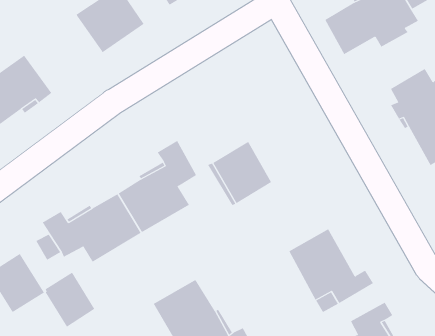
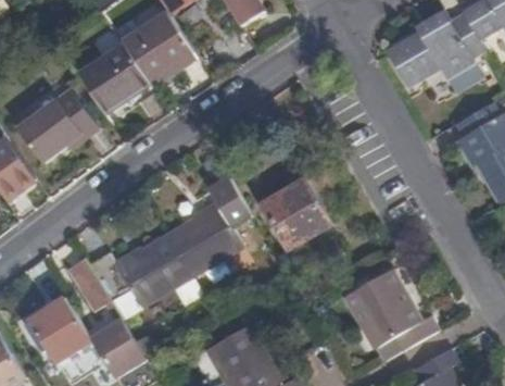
building: none -> [80,47,151,113]

